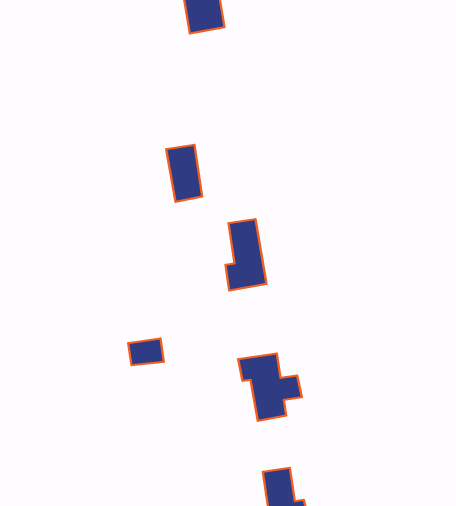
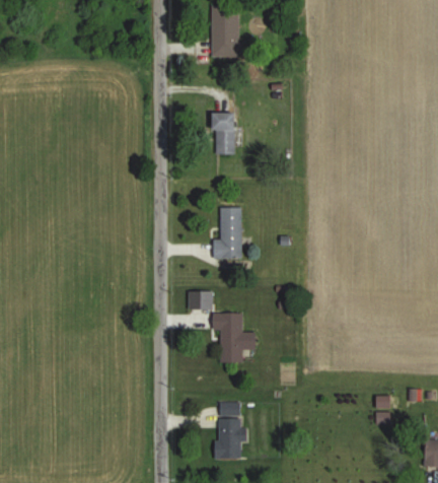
building: [166,145,202,202] -> [214,114,236,155]
building: [128,338,164,365] -> [187,292,212,310]

